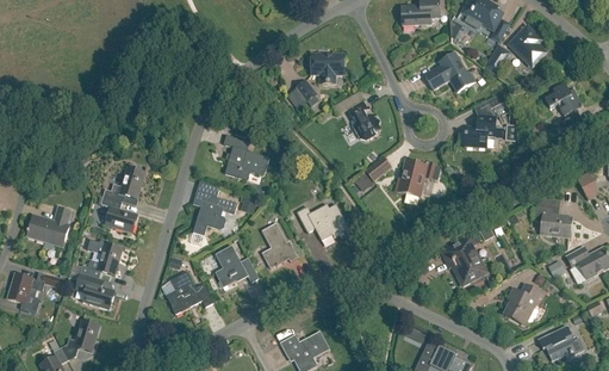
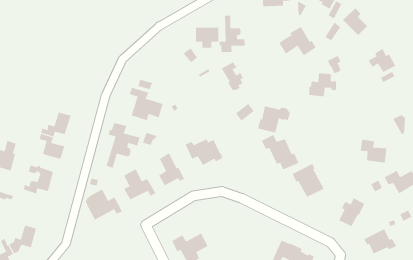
building: none -> [219,15,245,53]
building: none -> [261,134,299,170]
building: [76,273,114,309] -> none

